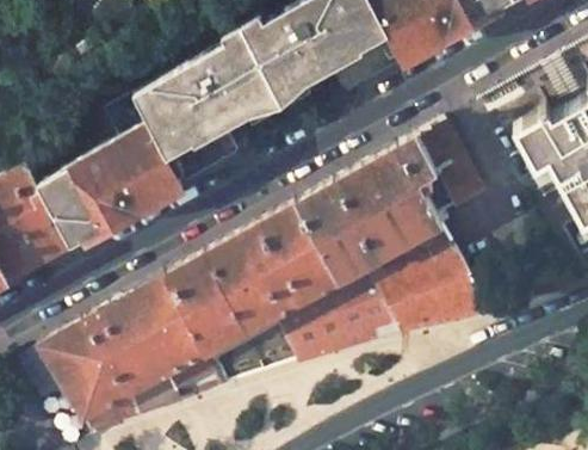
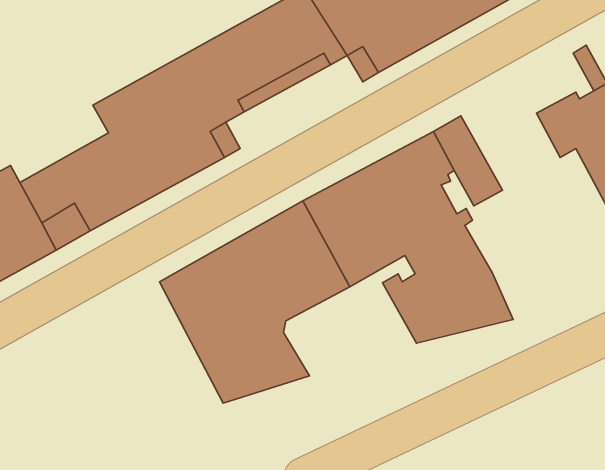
building: [277,266,398,362] -> none
building: [37,276,222,430] -> none

